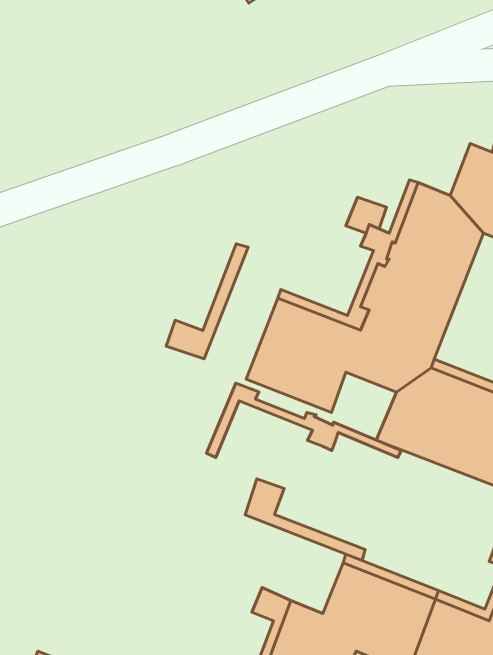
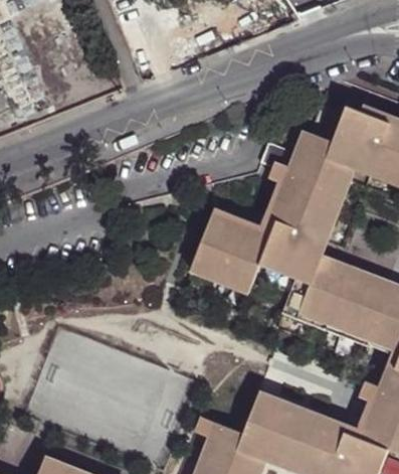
building: [166,244,248,359] -> none
building: [206,383,401,457] -> none
building: [245,479,365,561] -> none

